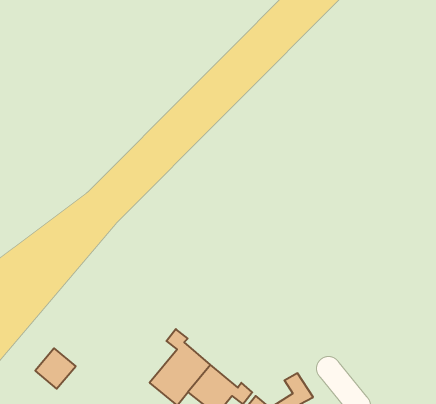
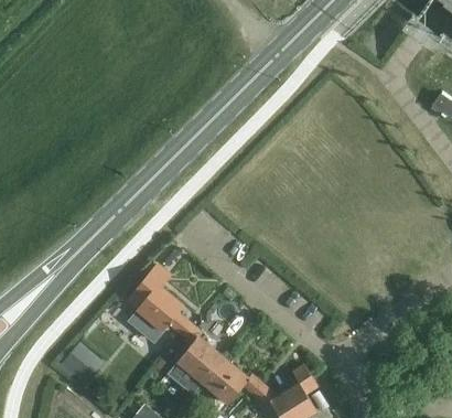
building: none -> [128,265,189,332]

